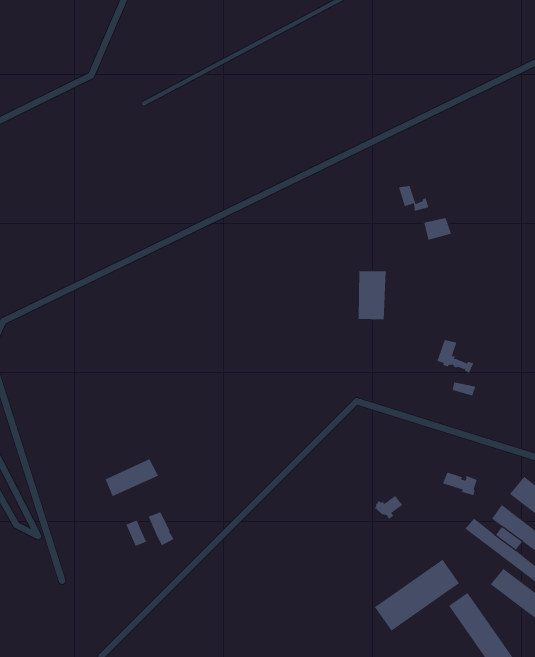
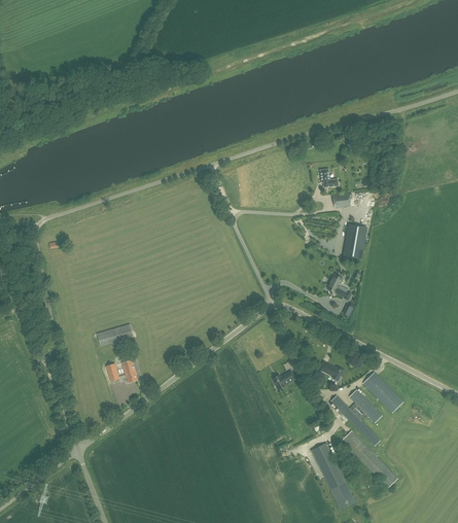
building: [358,271,387,320] -> [343,223,366,258]
building: [374,559,460,632] -> none

